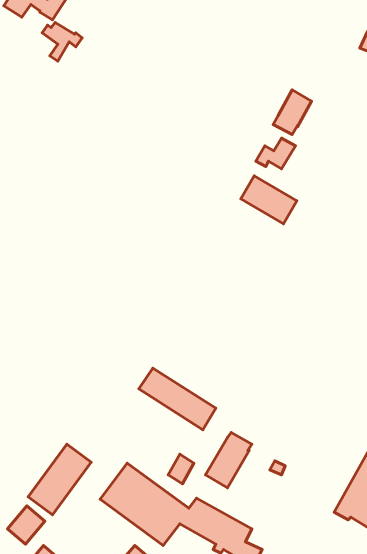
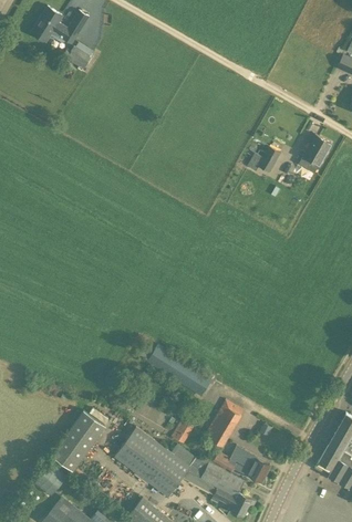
building: [273,90,312,135] -> [298,134,331,173]
building: [241,176,297,224] -> none
building: none -> [213,445,270,482]

